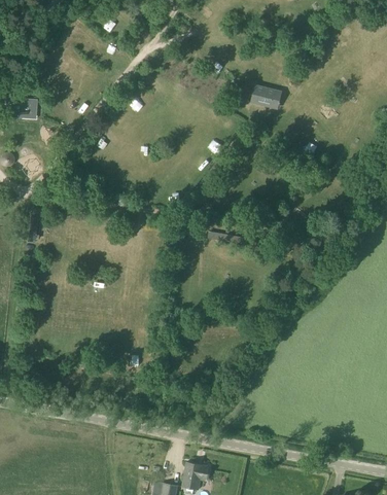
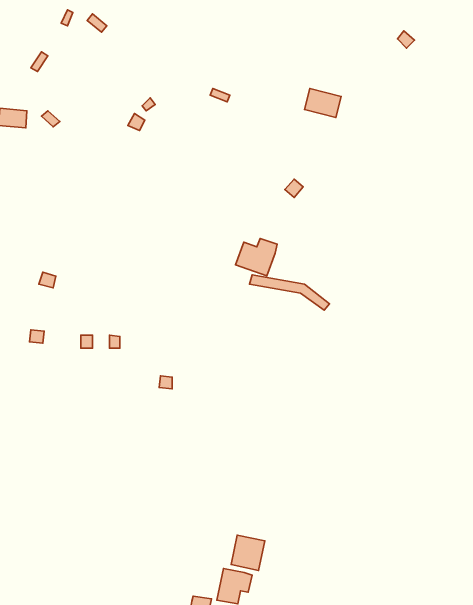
building: none -> [235,238,277,276]
building: none -> [231,535,265,570]

